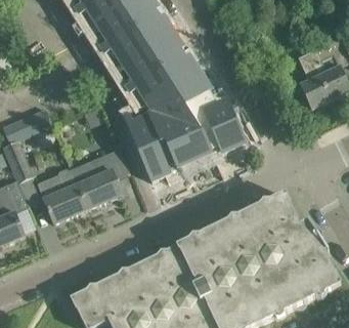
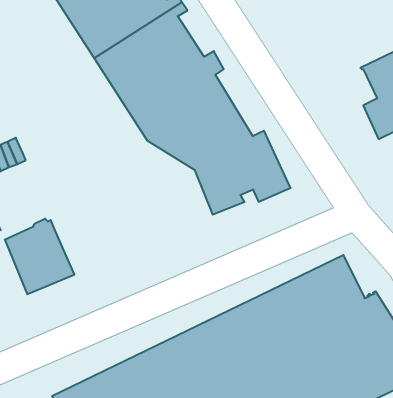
building: [124,110,188,181] -> none
building: [70,148,129,208] -> none

